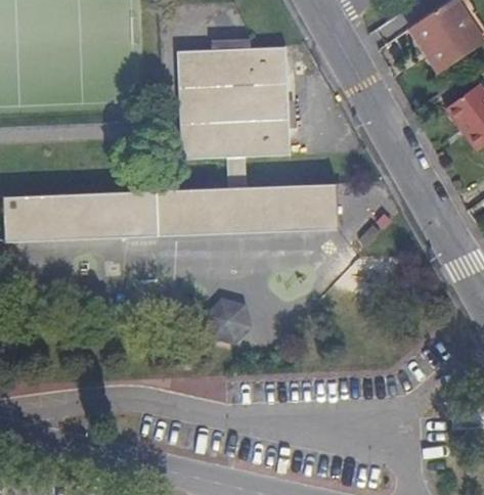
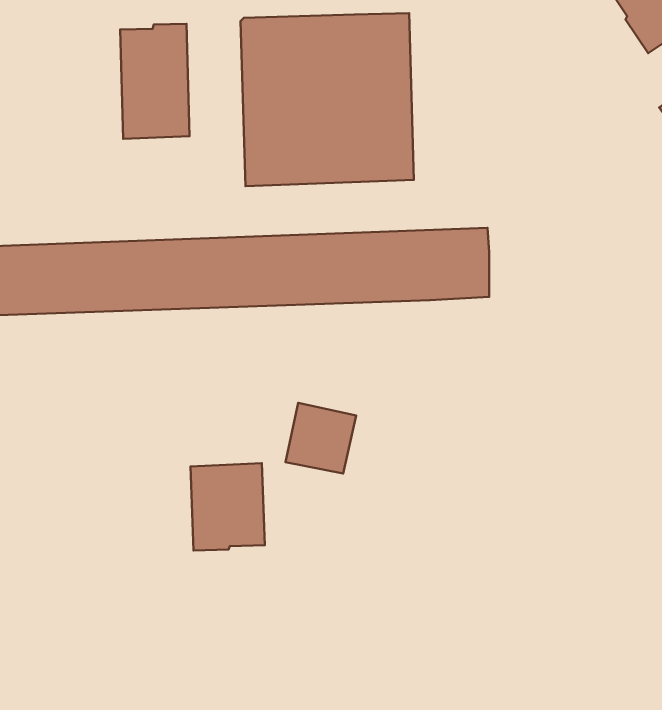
building: none -> [120,24,189,139]
building: none -> [191,463,265,550]

